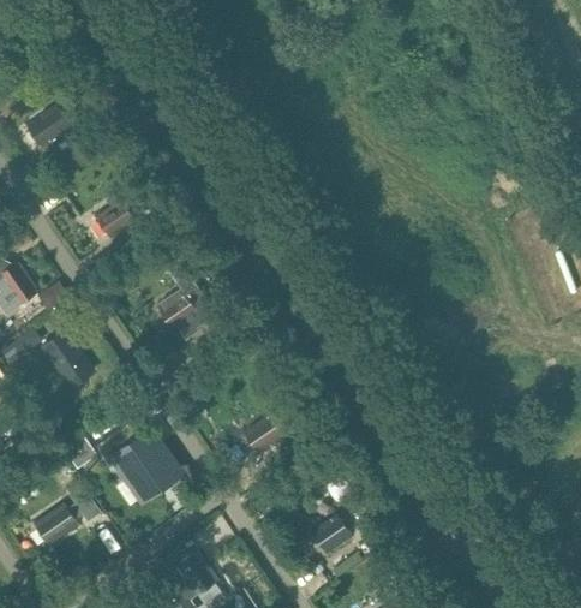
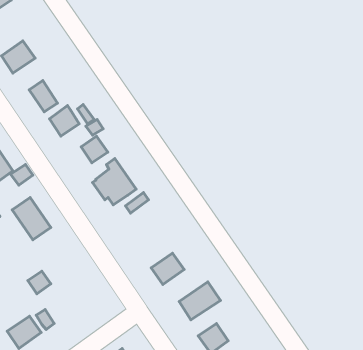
building: none -> [29,80,58,112]
building: none -> [81,136,108,163]
building: [97,423,176,499] -> none
building: none -> [179,282,221,320]

